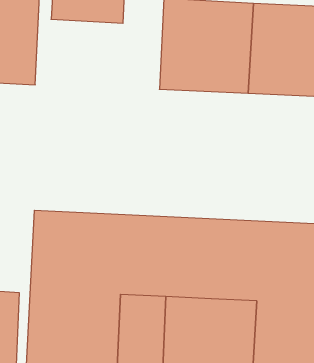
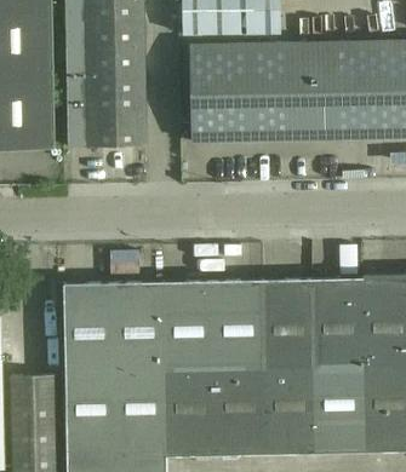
building: none -> [68,75,148,149]

